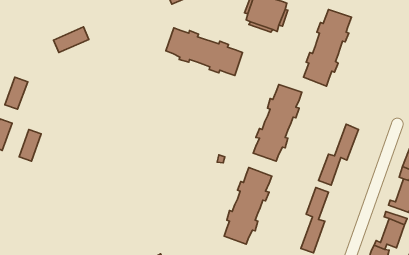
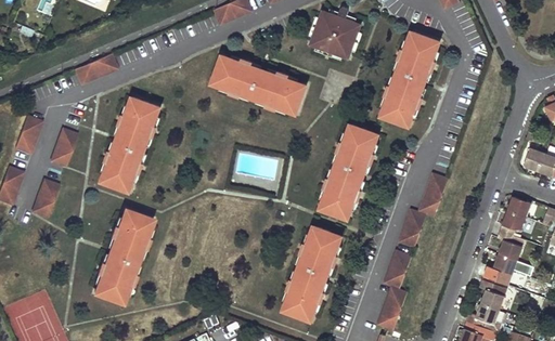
building: none -> [101,97,159,192]
building: none -> [50,129,78,168]
building: none -> [93,209,152,304]

